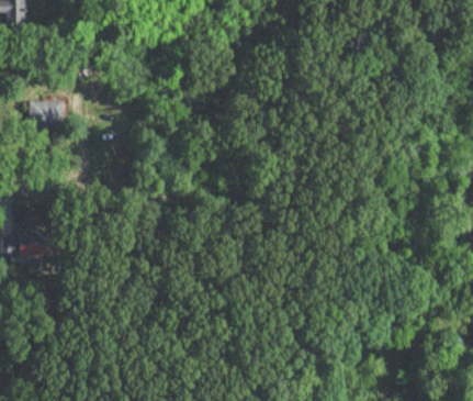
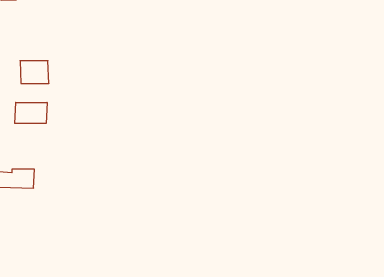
building: none -> [15,102,47,123]

